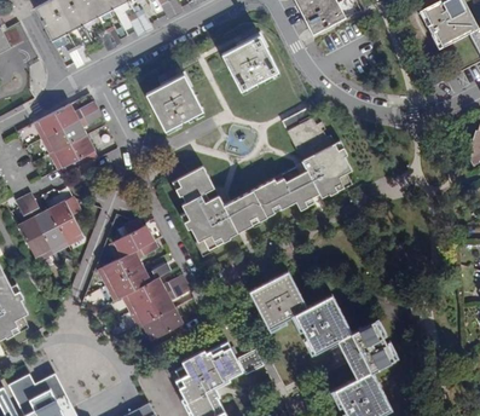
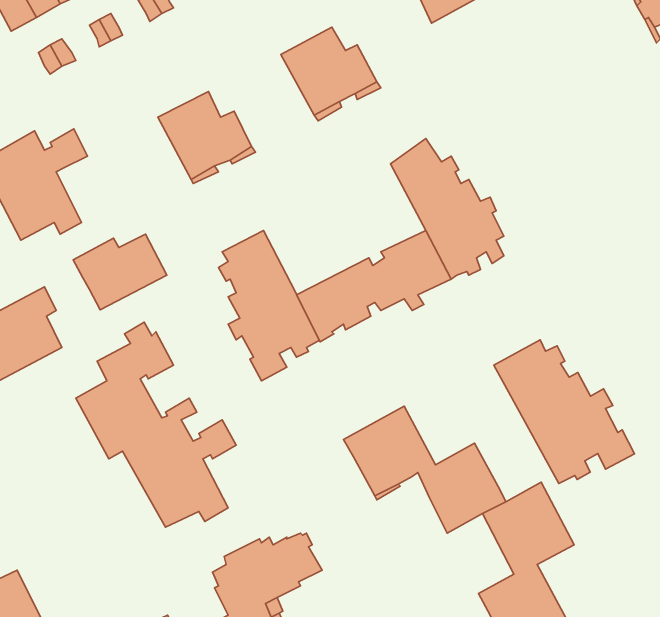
building: none -> [73,234,167,310]
building: none -> [494,340,635,483]

